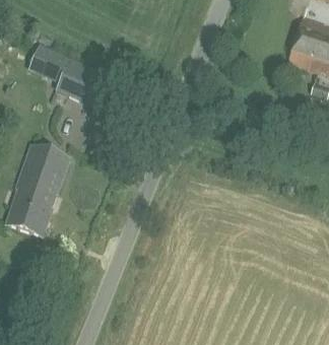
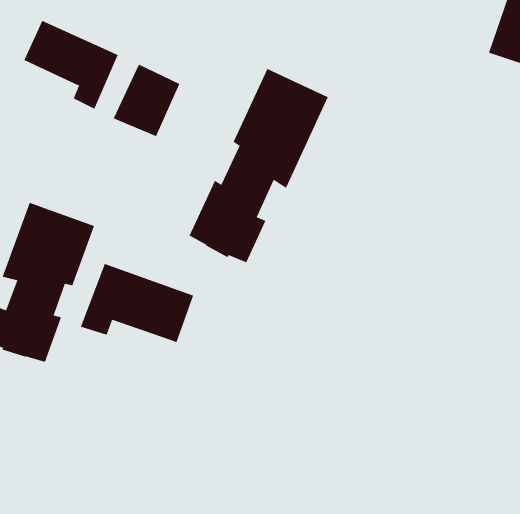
building: none -> [189,68,329,263]
building: none -> [80,263,194,343]

